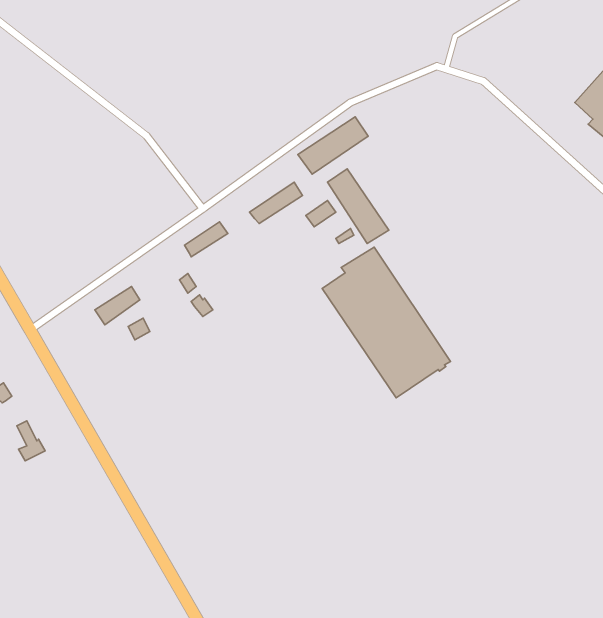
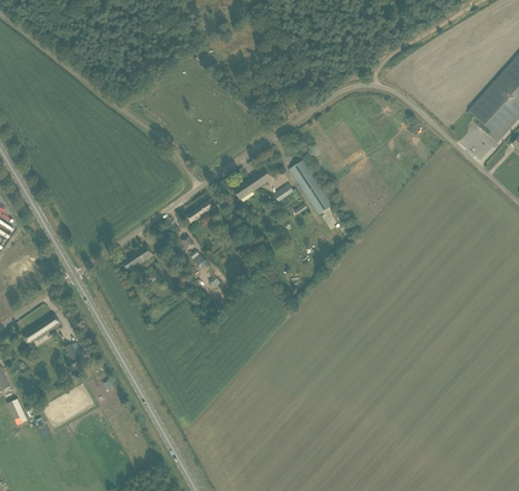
building: [298,117,368,174] -> none
building: [322,247,451,398] -> none

